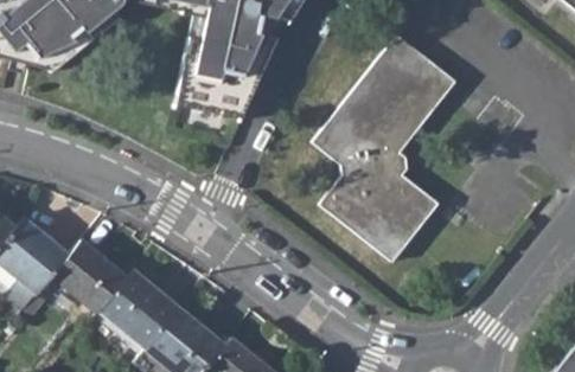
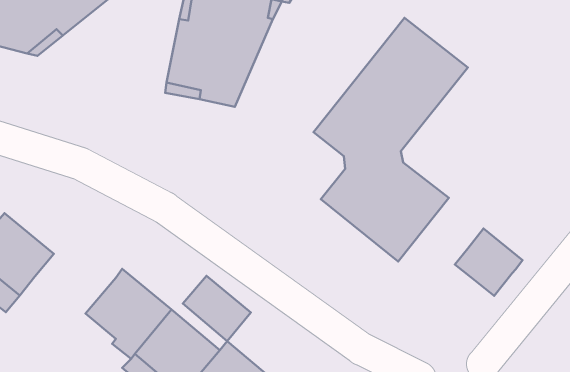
building: none -> [455,229,523,296]
building: [52,239,128,313] -> none
building: none -> [183,276,251,341]

